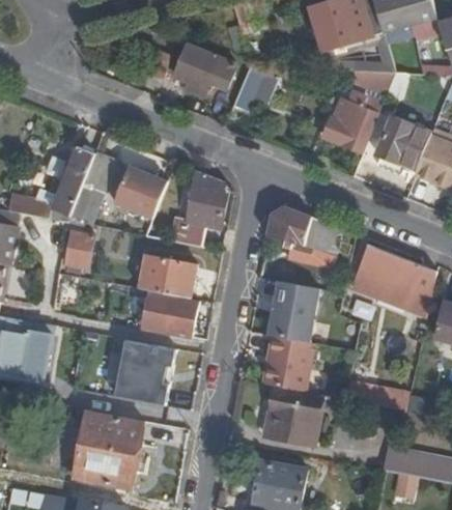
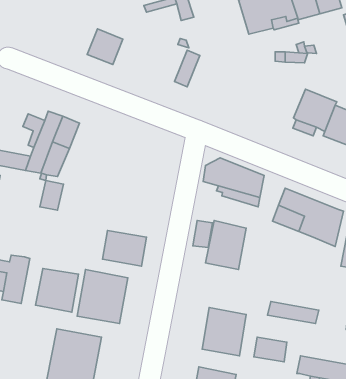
building: [173,48,217,91] -> [87,29,123,65]
building: [321,95,377,155] -> none
building: [114,165,166,217] -> none
building: [171,170,224,247] -> none
building: [139,256,195,298] -> none
building: [264,333,315,389] -> none
building: none -> [36,269,79,312]

